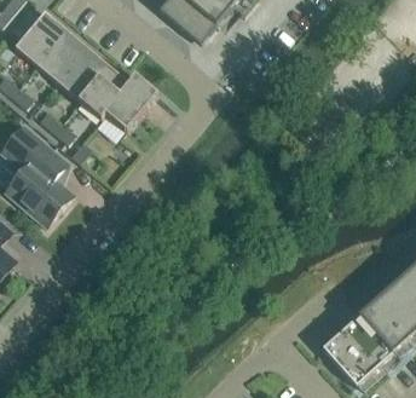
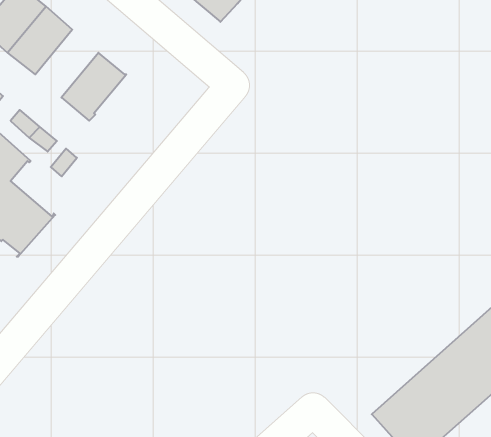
building: [57,48,106,102] -> none
building: [103,76,156,132] -> none

